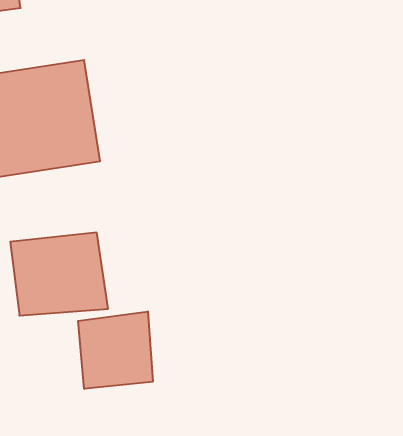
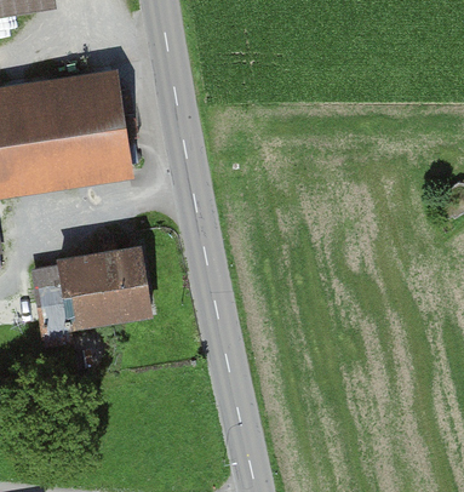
building: [78,311,153,389] -> none

